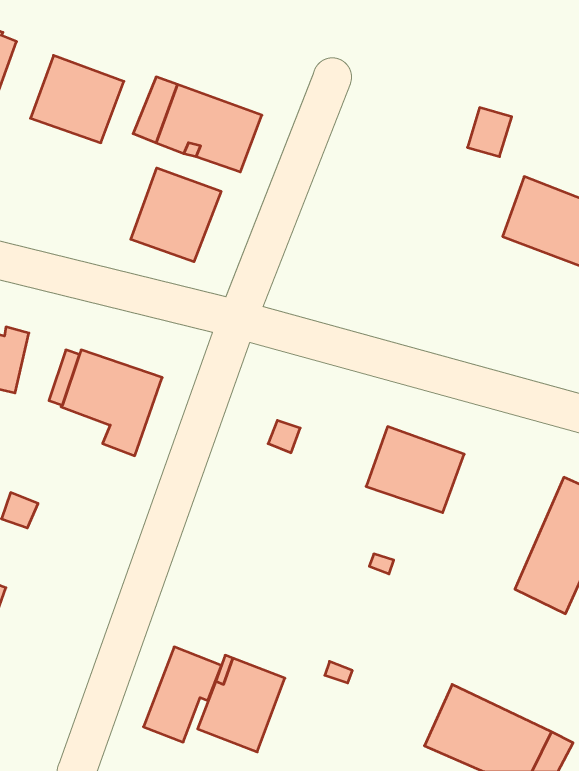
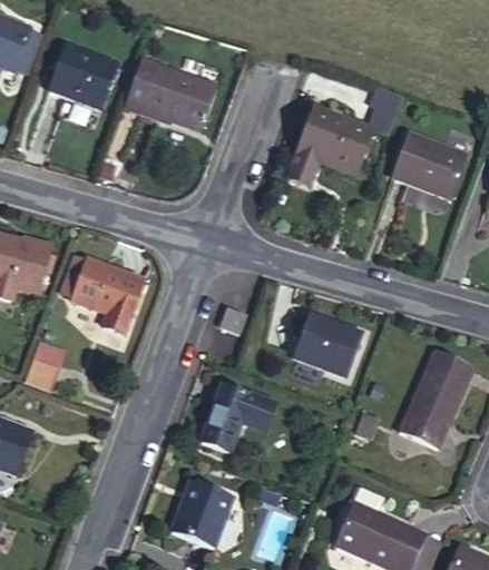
building: none -> [287,105,373,183]
building: [131,168,221,262] -> none
building: [143,647,222,742] -> [201,384,257,453]

